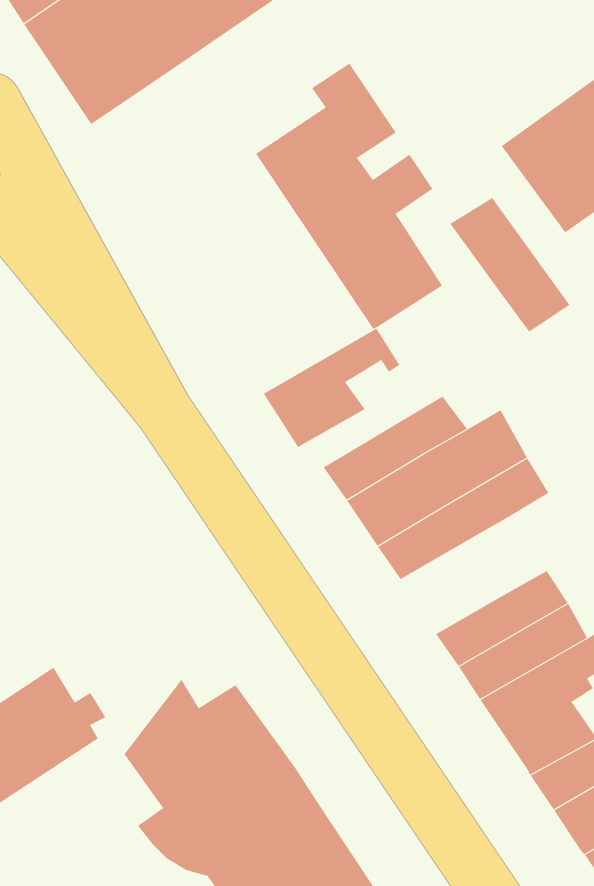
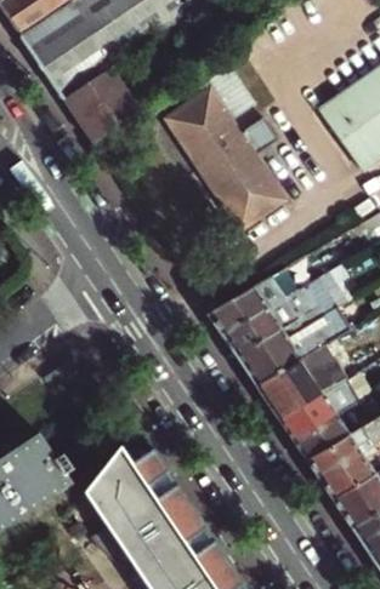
building: none -> [63,65,141,143]
building: [449,197,570,332] -> none
building: [263,328,400,448] -> [257,342,344,417]

